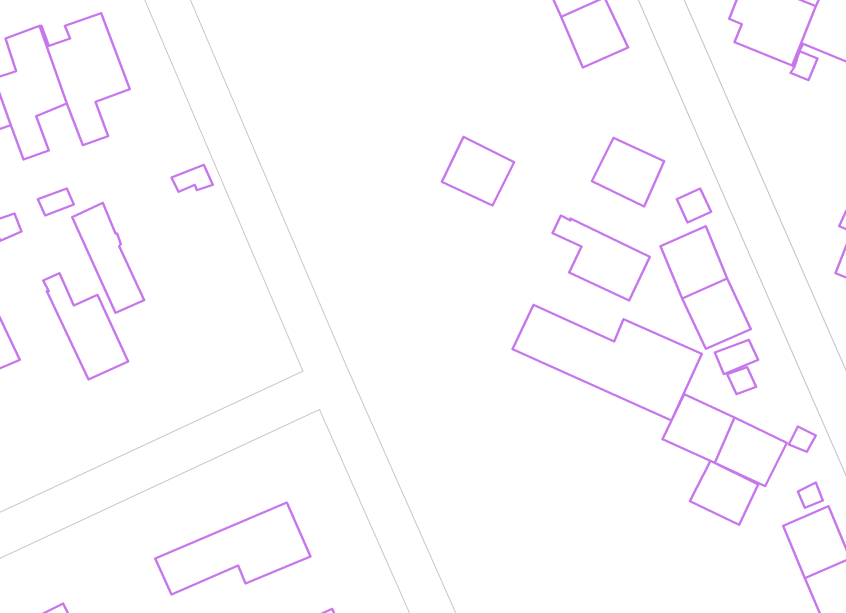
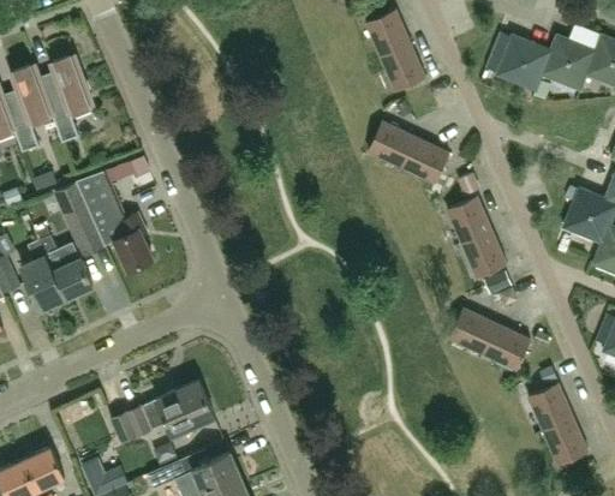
building: [442,137,514,205] -> [368,121,416,167]
building: none -> [77,173,153,273]
building: [552,215,650,301] -> none
building: none -> [22,240,66,311]
building: [513,305,702,420] -> none
building: [690,461,758,525] -> none

